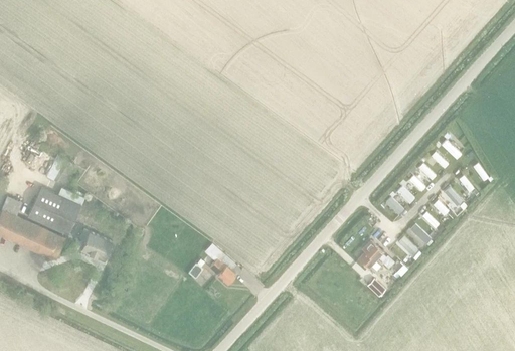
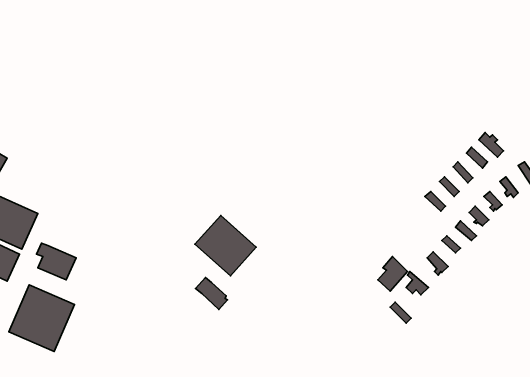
building: none -> [195,215,256,276]
building: none -> [9,285,75,352]

